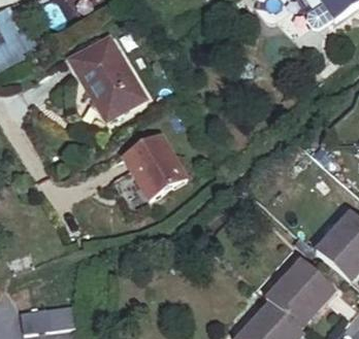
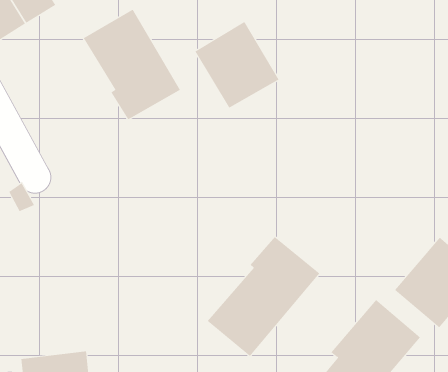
building: [121,132,187,200] -> [195,21,279,108]
building: none -> [207,236,320,357]

